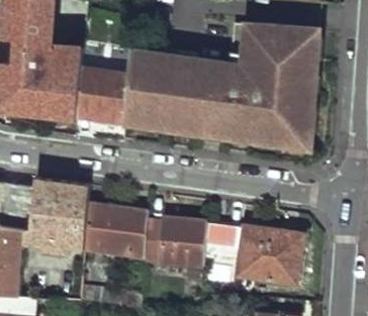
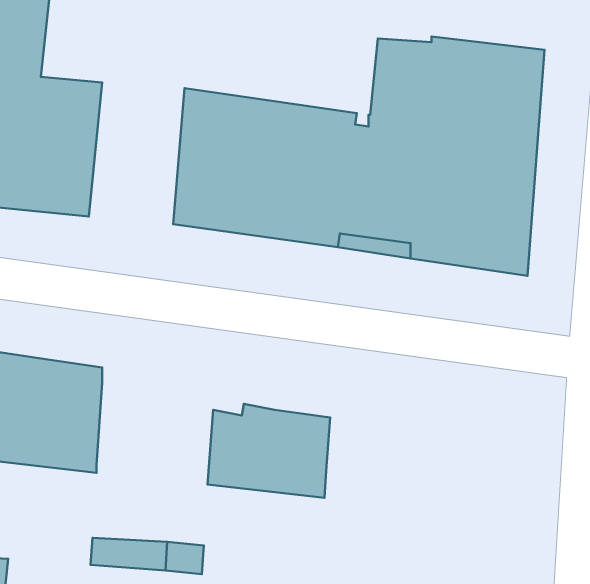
building: [79,69,127,122] -> none
building: [83,206,145,261] -> none
building: [204,223,301,286] -> none

